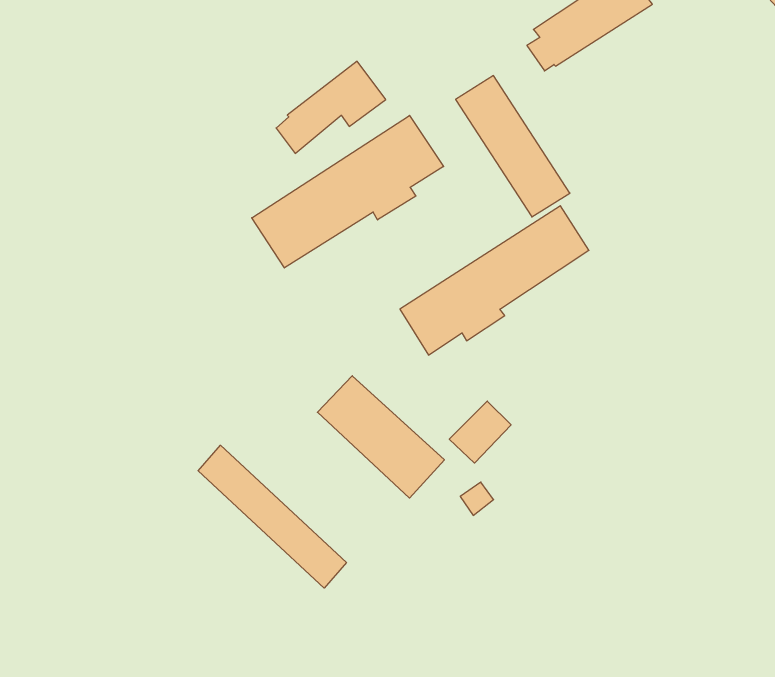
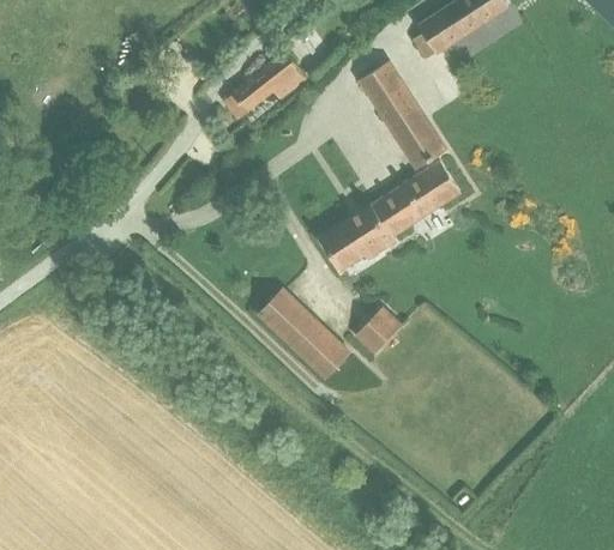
building: [252,115,444,268] -> none
building: [198,445,346,588] -> none

